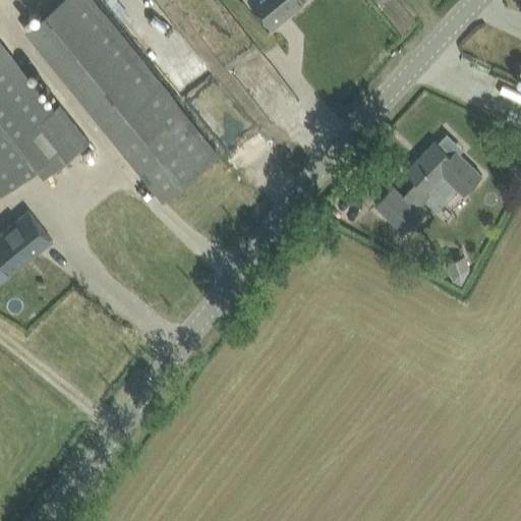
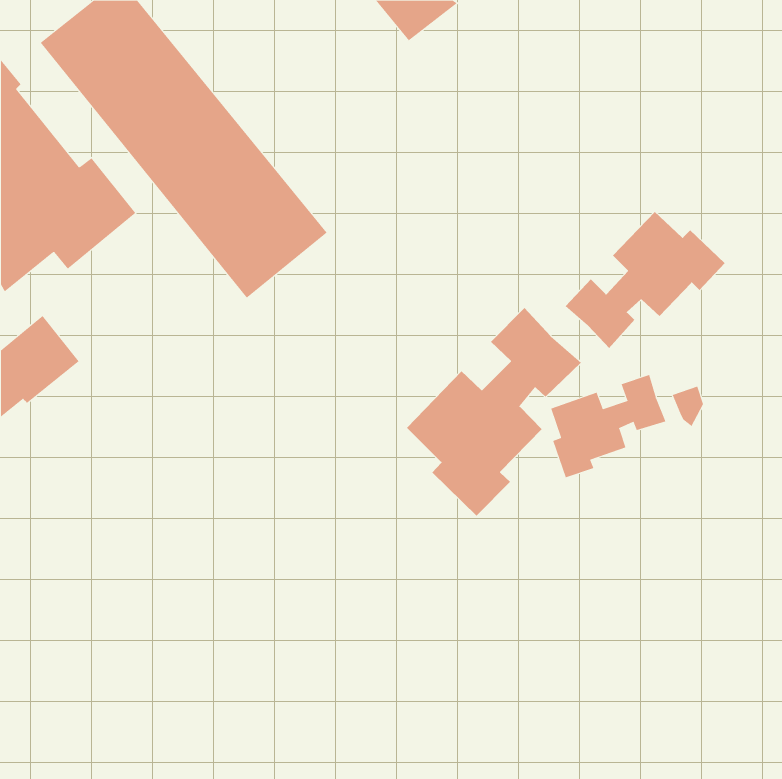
building: none -> [406,307,582,517]
building: none -> [550,374,666,478]

